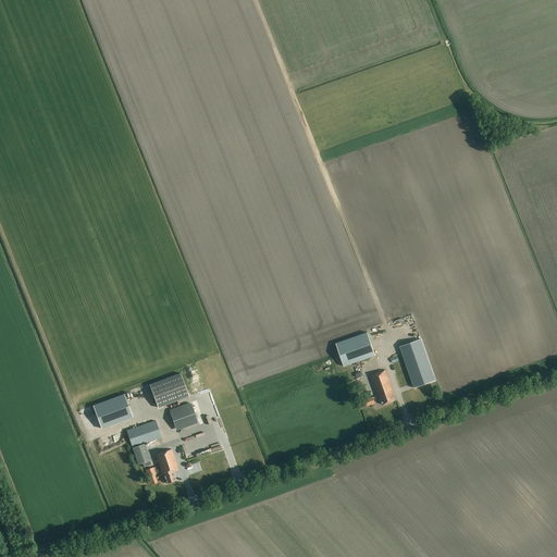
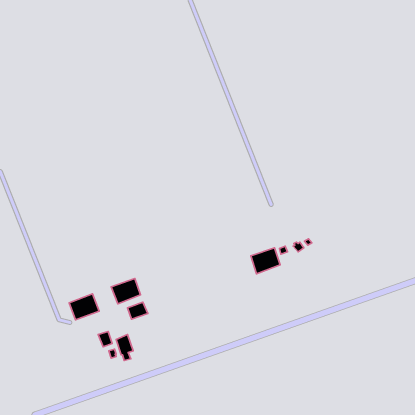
building: [399,339,435,388] -> none
building: [370,370,395,405] -> none
building: [126,420,161,447] -> none

